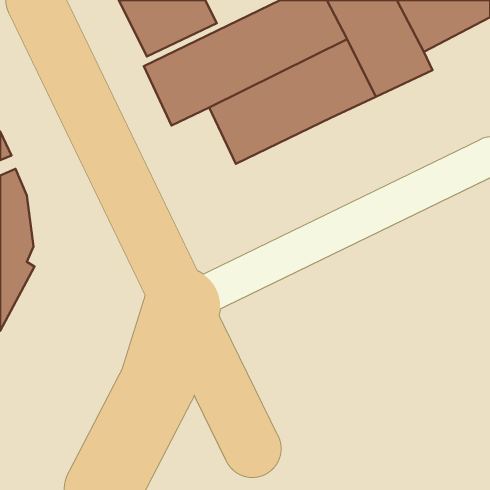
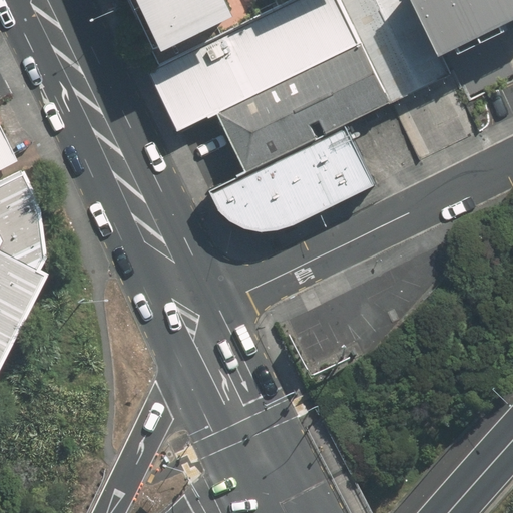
building: none -> [210,123,375,229]

